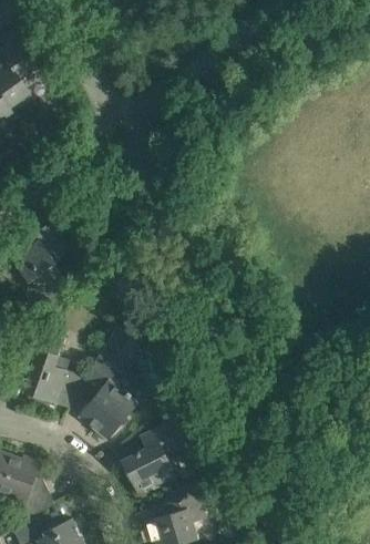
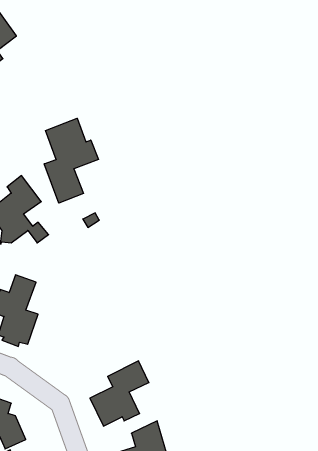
building: none -> [44,118,98,203]
building: [76,356,137,440] -> none

